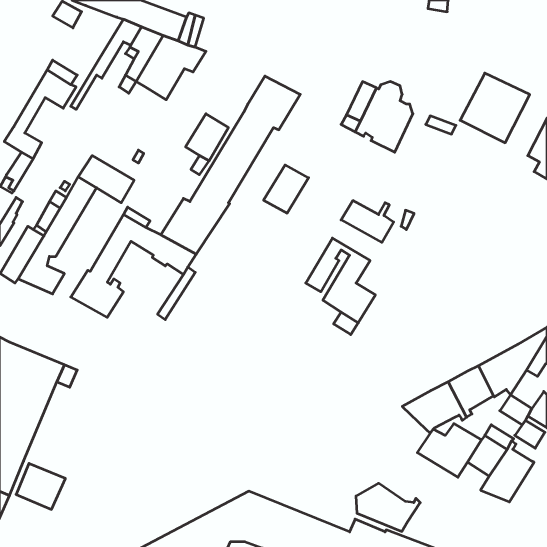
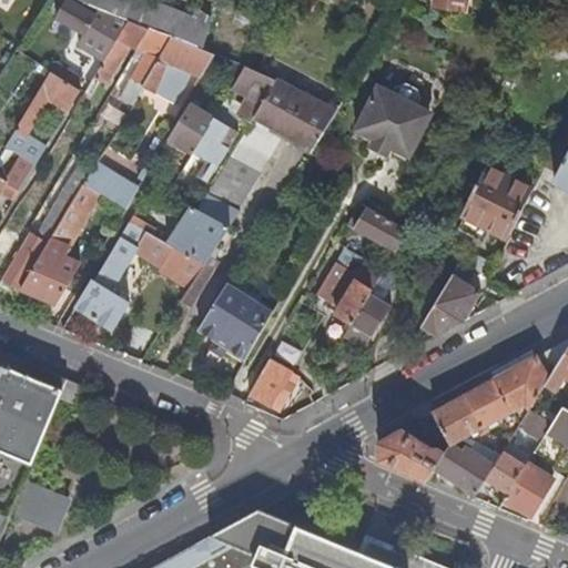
building: none -> [75,13,128,61]
building: none -> [232,65,274,118]
building: [460,73,530,143] -> [460,166,532,239]
building: none -> [169,105,213,153]
building: [264,165,309,213] -> [288,99,335,149]
building: none -> [420,265,487,336]
building: none -> [197,284,272,358]
building: none -> [247,358,290,407]
building: [356,483,420,531] -> [378,429,445,479]

